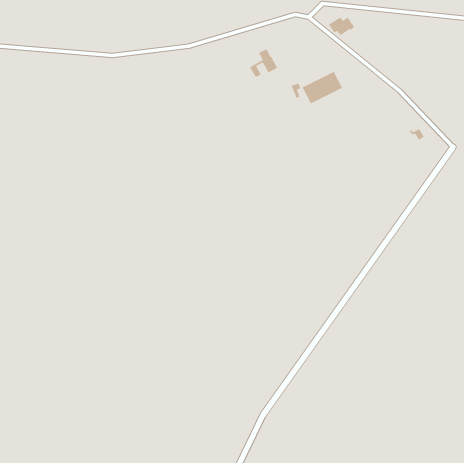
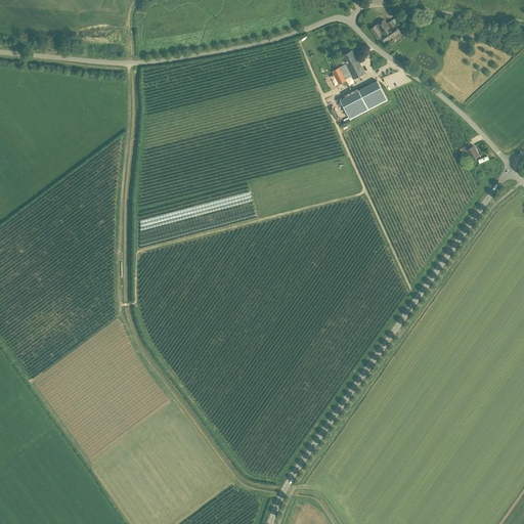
building: [249,48,278,78] -> [332,49,364,83]

